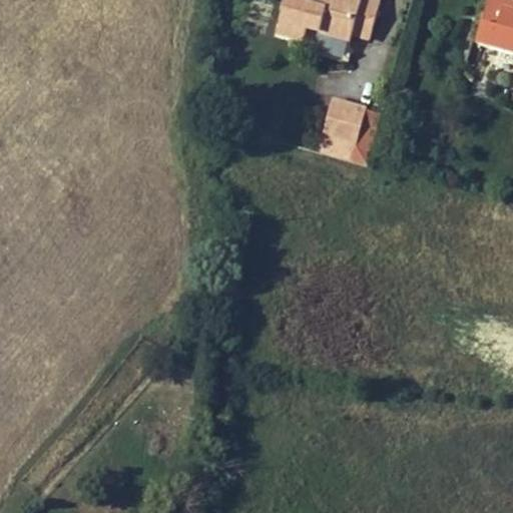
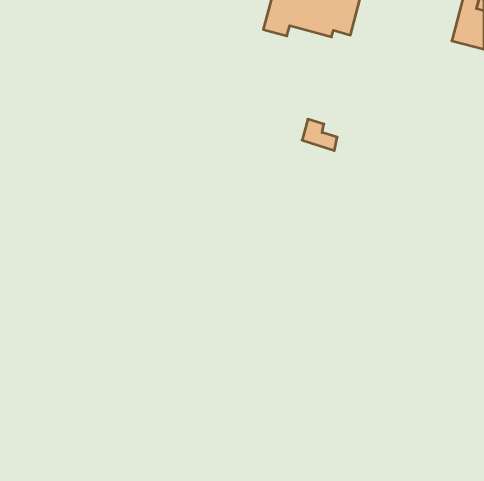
building: [326,98,367,145] -> none

